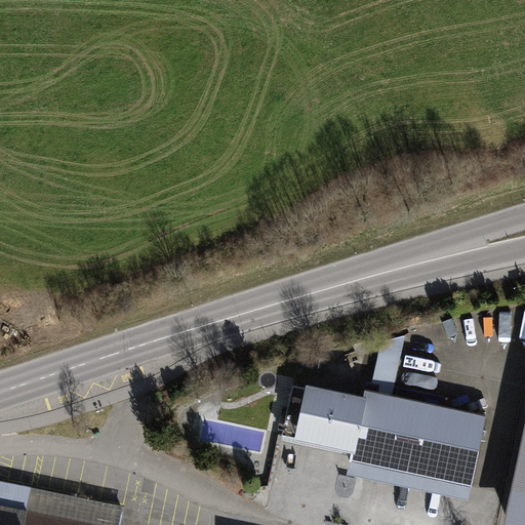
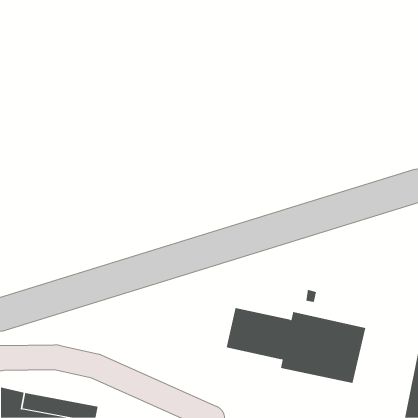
building: [349,410,488,500] -> none

